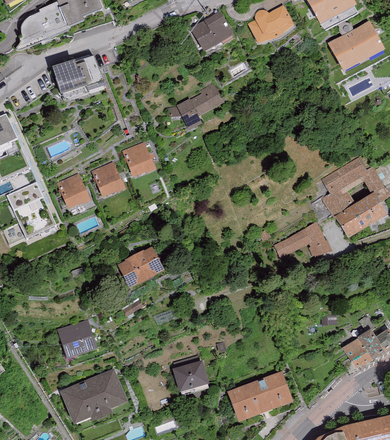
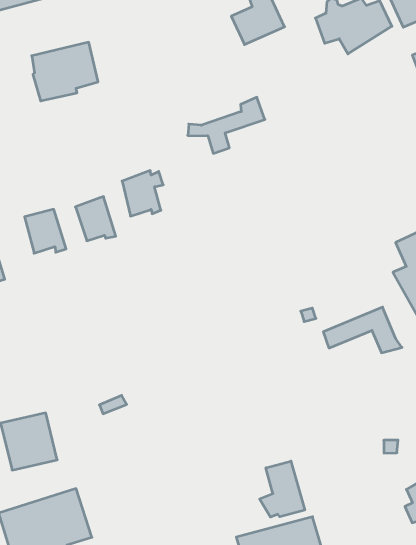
building: [121,249,163,285] -> none
building: none -> [260,461,305,517]
building: [172,361,207,395] -> none

